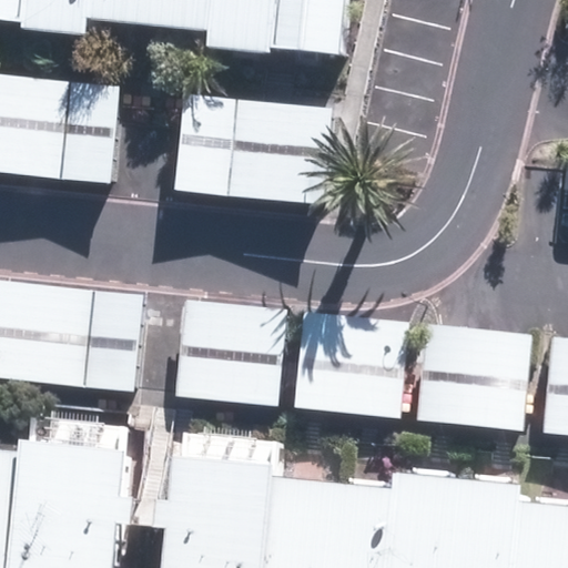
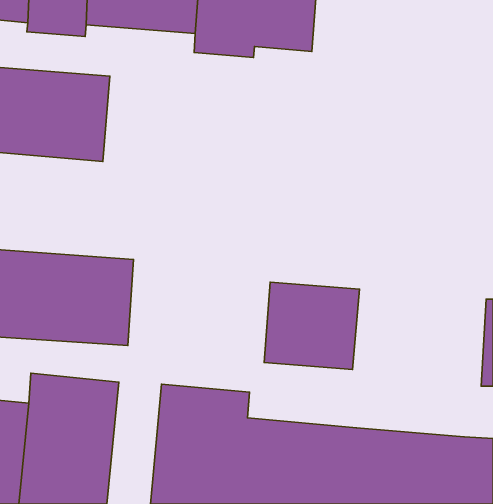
building: [175,94,331,205] -> none
building: [173,297,286,407] -> none
building: [410,326,529,430] -> none

